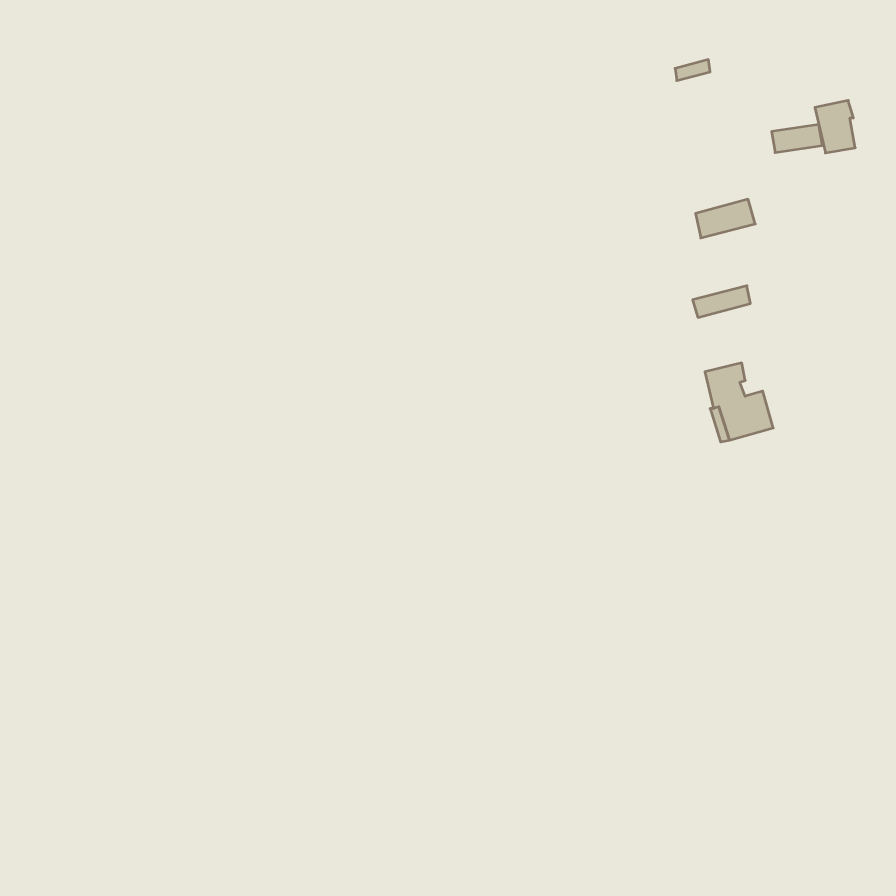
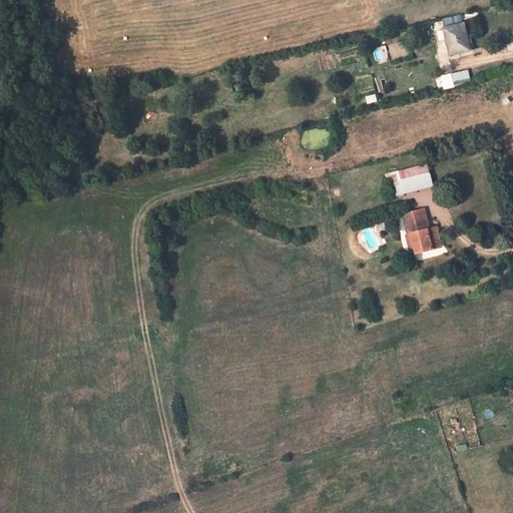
building: [815,100,855,153] -> [444,24,467,54]
building: [696,199,755,238] -> [399,173,433,195]

